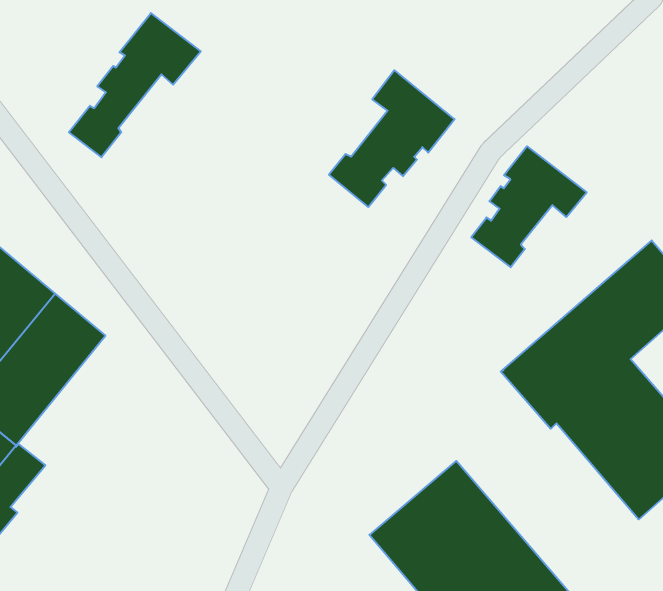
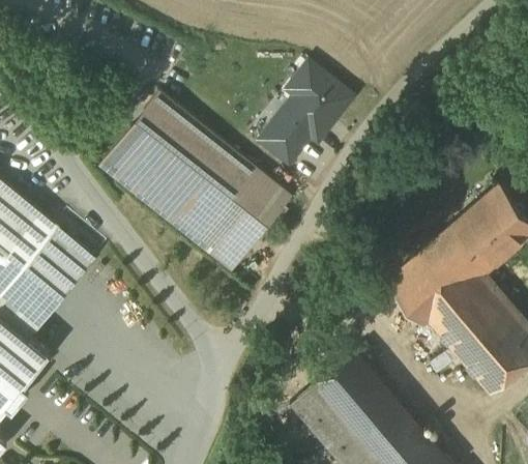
building: [69,13,201,157] -> none
building: none -> [101,91,291,269]
building: [471,146,587,267] -> none

